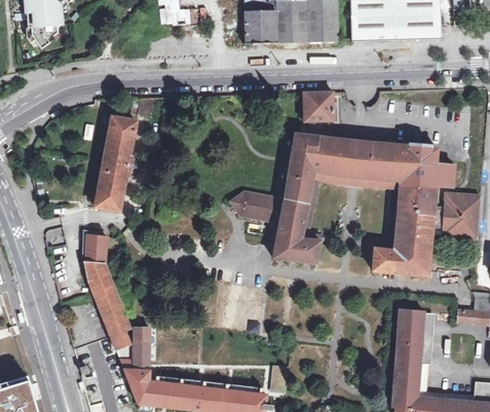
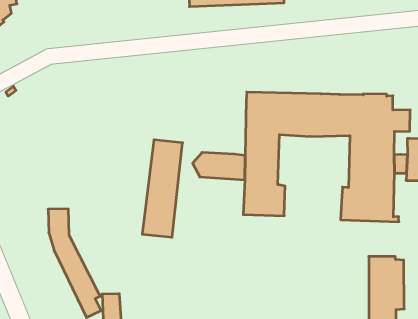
building: [305,91,339,121] -> none
building: [95,112,142,212] -> [142,140,183,237]

